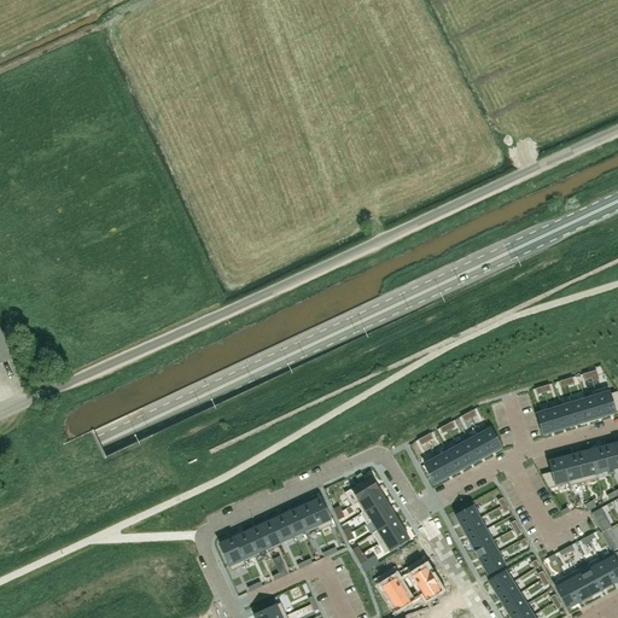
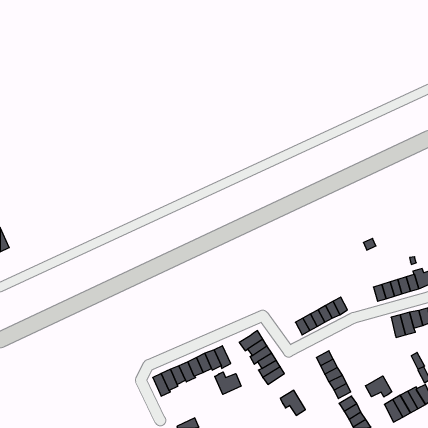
building: [542,456,570,488] -> none
building: none -> [215,372,241,394]
building: none -> [365,376,392,397]
building: [380,569,410,608] -> none

